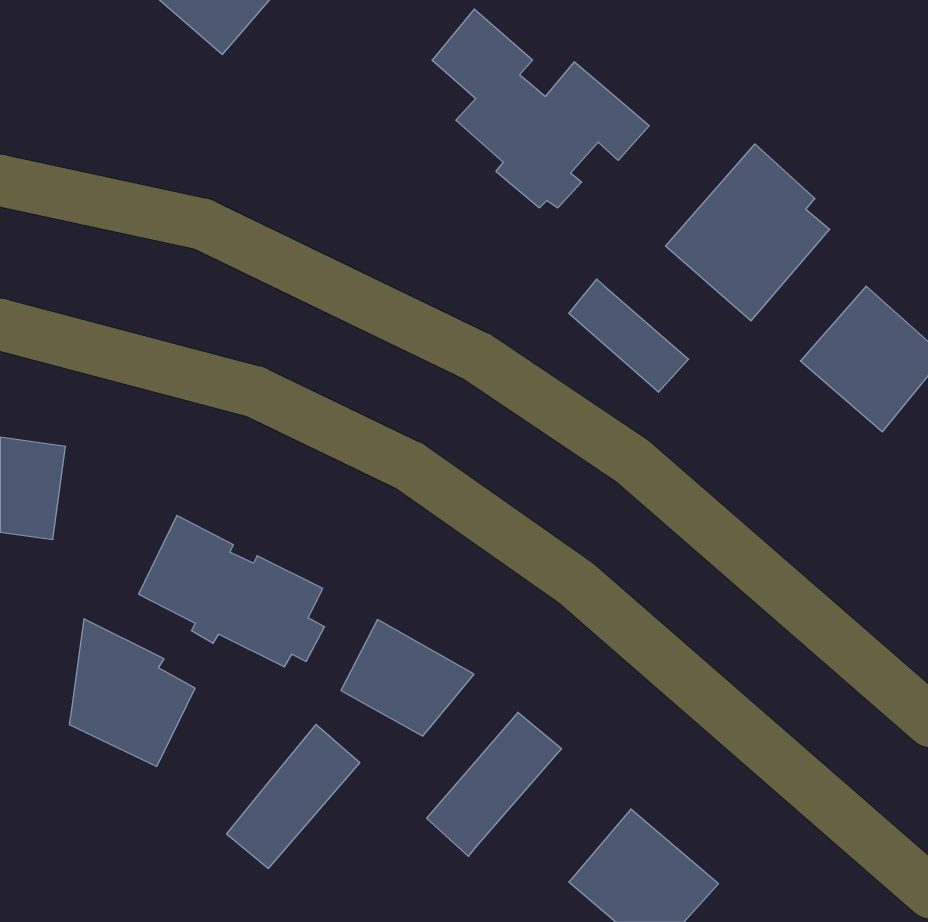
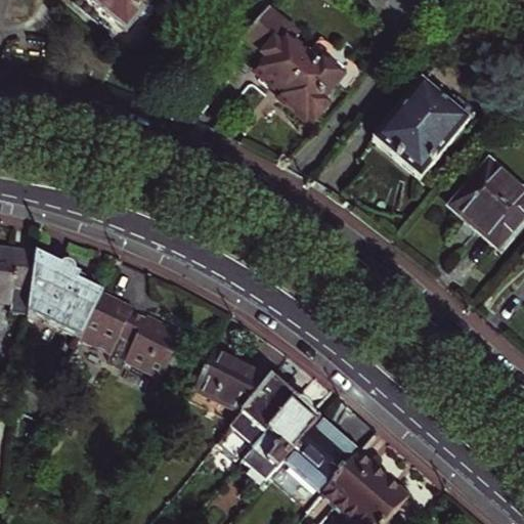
building: [569,279,689,392] -> none
building: [69,619,195,766] -> [31,251,101,334]
building: [227,725,360,868] -> [218,379,293,460]
building: none -> [269,421,356,506]

